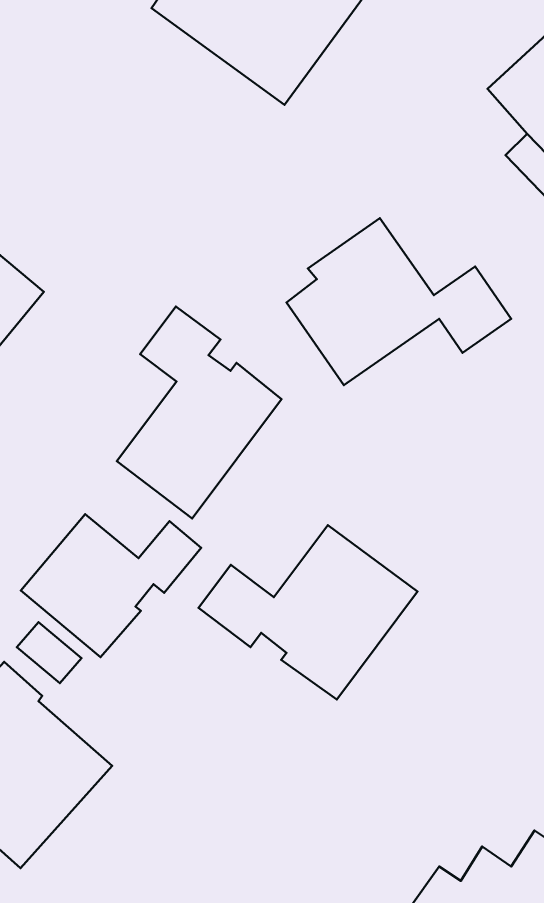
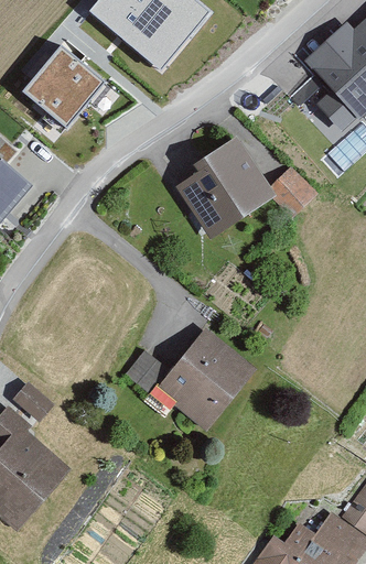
building: none -> [21,43,101,122]
building: [117,306,282,518] -> none
building: [21,514,201,657] -> none

